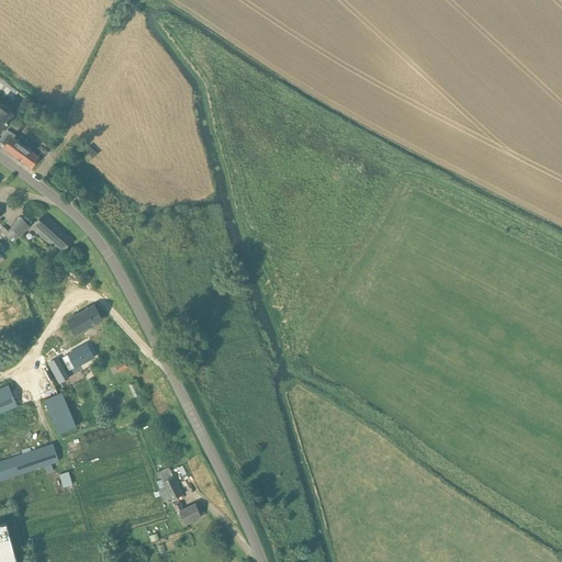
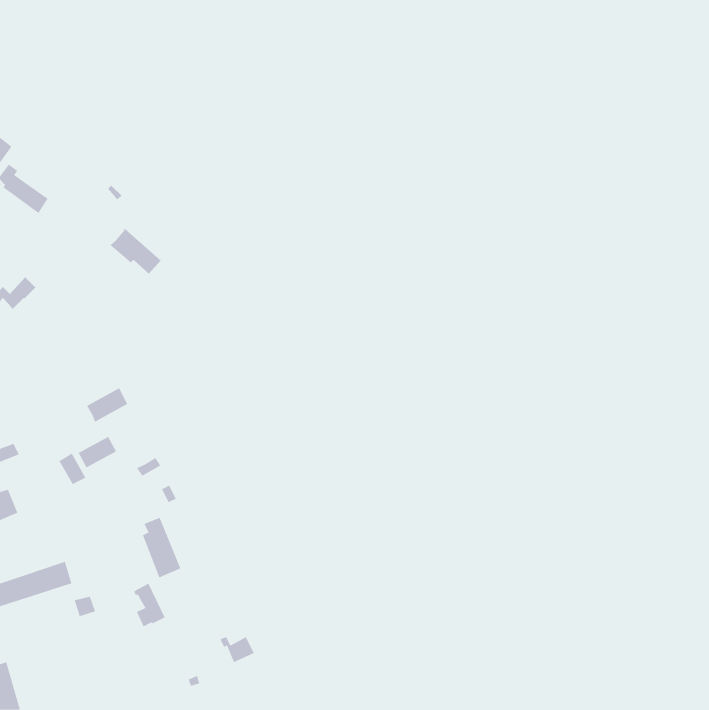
building: [31,214,71,250] -> [110,229,161,274]
building: [44,385,75,434] -> [142,517,181,578]
building: [156,468,181,503] -> [133,583,165,627]

